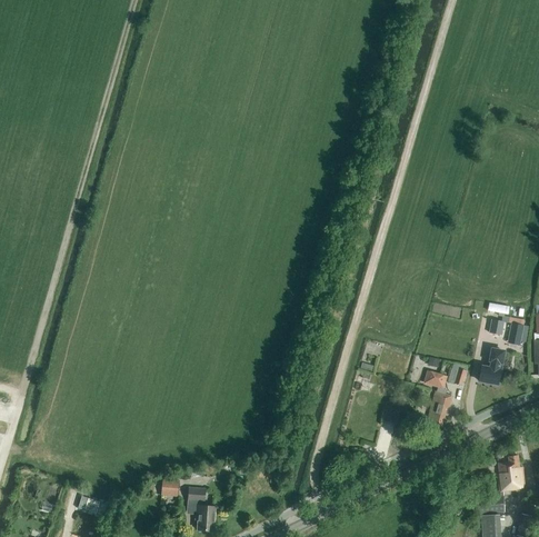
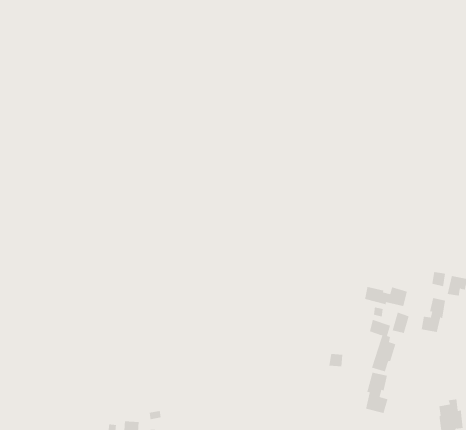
building: none -> [365,286,408,307]
building: none -> [365,372,388,414]

